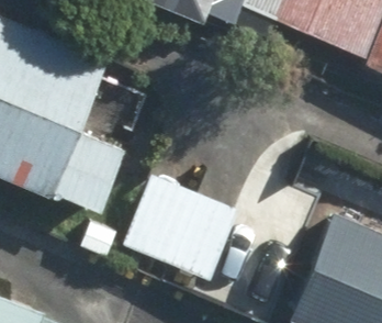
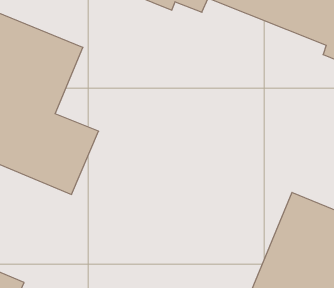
building: [121,178,238,285] -> none

